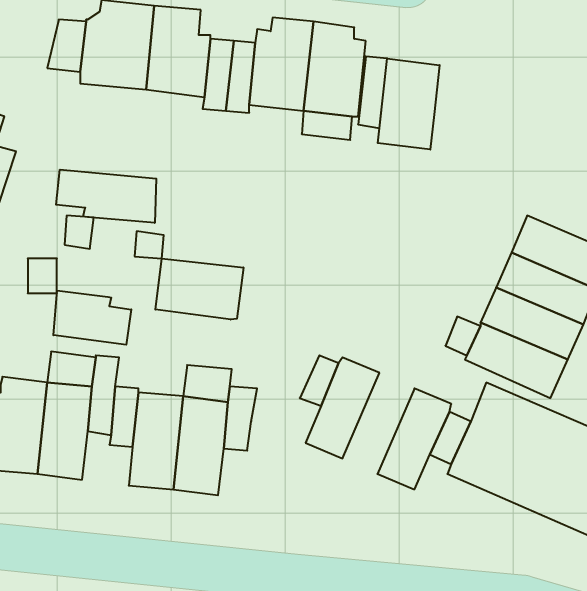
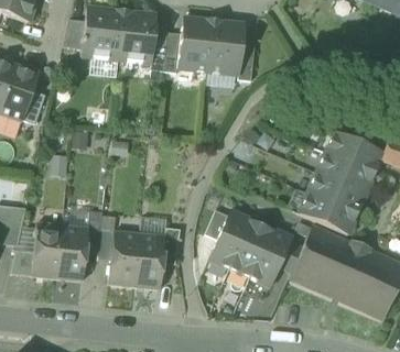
building: [378,59,440,150] -> none
building: [56,170,156,223] -> none
building: [155,258,243,320] -> none
building: [53,291,131,345] -> none
building: none -> [229,220,270,277]

